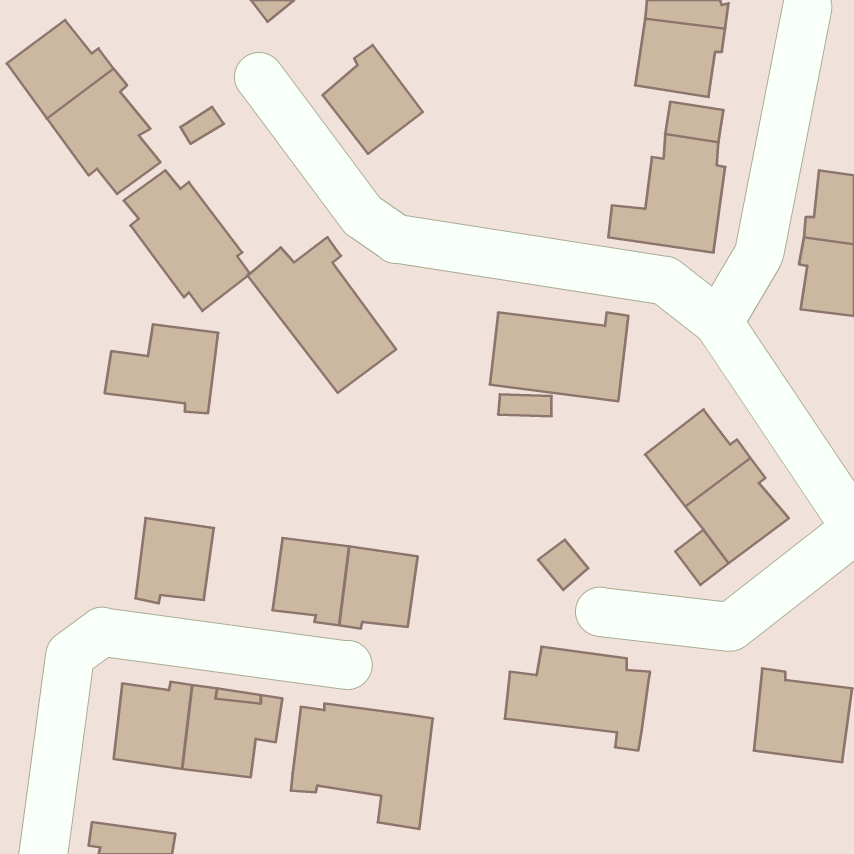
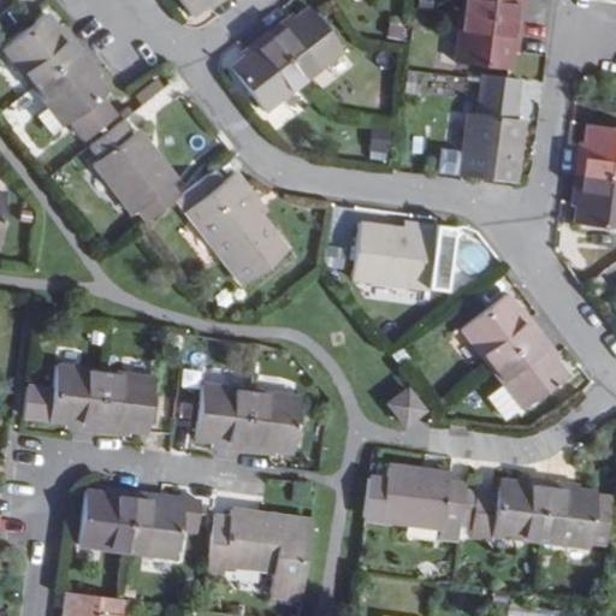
building: none -> [268,7,342,81]
building: [105,324,218,413] -> [23,367,105,431]
building: none -> [462,479,549,540]

